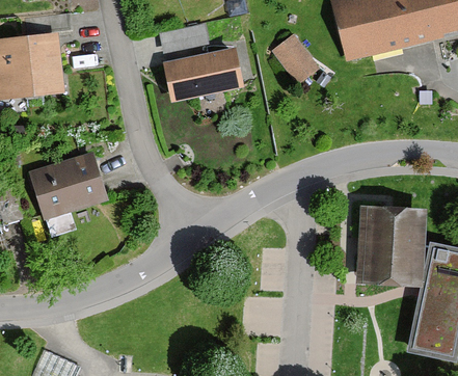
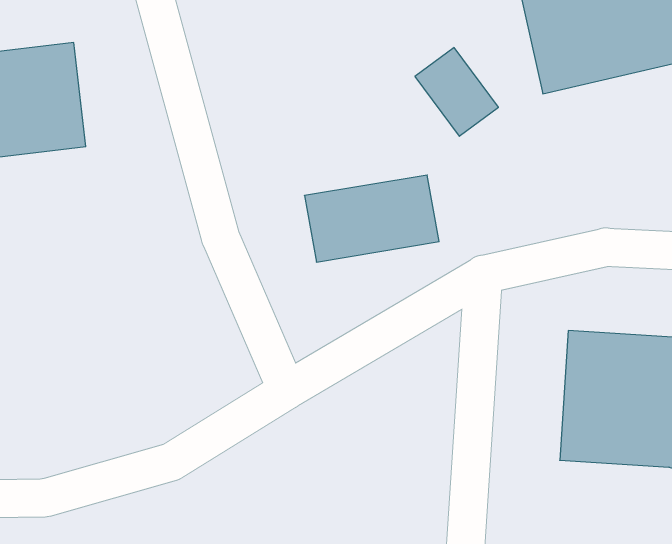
building: [161,49,243,102] -> [304,175,439,262]
building: [30,150,112,222] -> none

